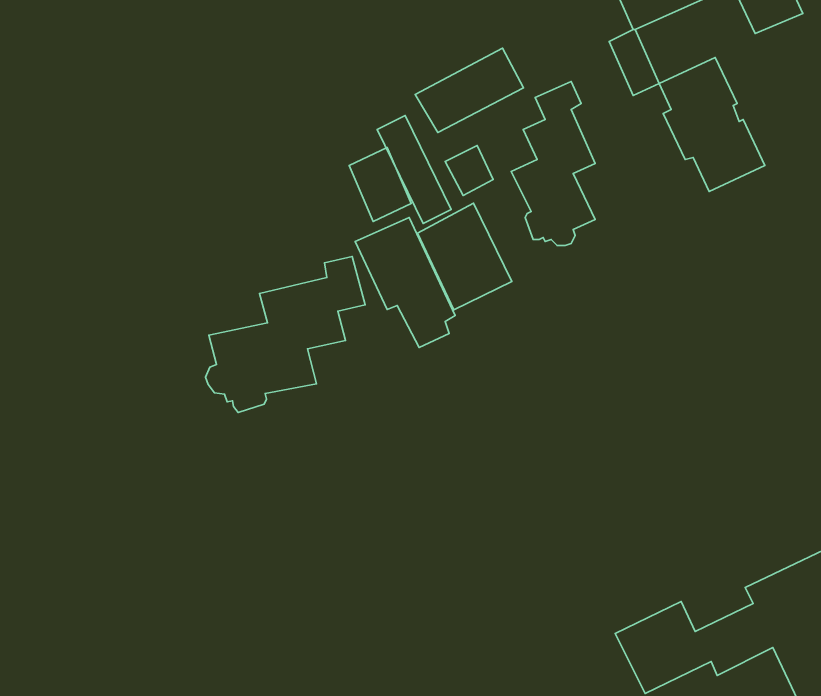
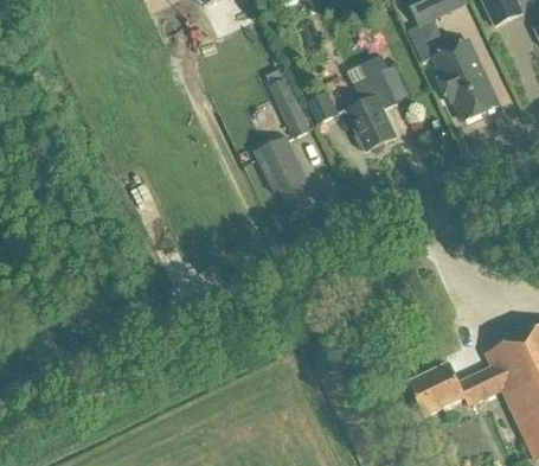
building: [415,48,524,133] -> none
building: [417,203,512,310] -> none
building: [206,257,365,412] -> none

